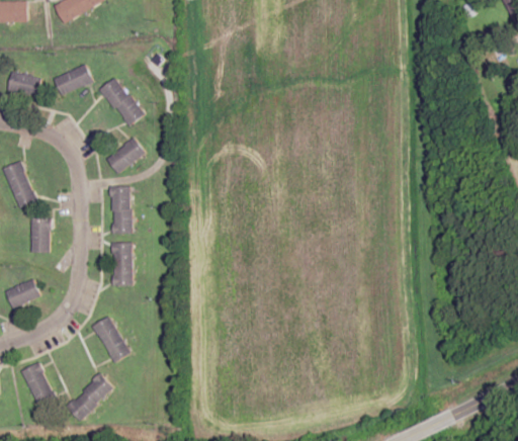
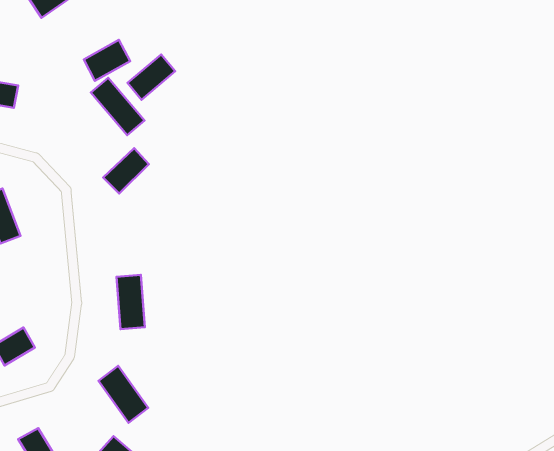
building: none -> [127,54,175,100]
building: [55,64,93,96] -> [84,40,130,81]
building: [111,186,131,233] -> none
building: [30,215,50,252] -> none

